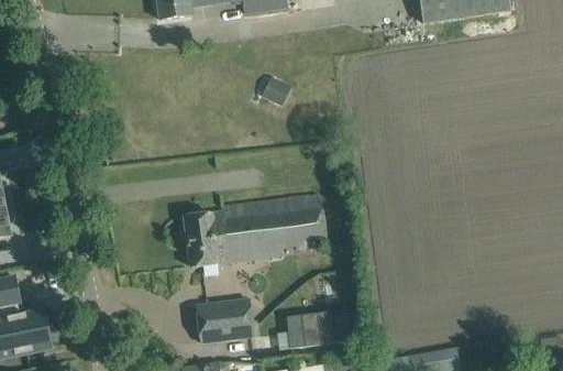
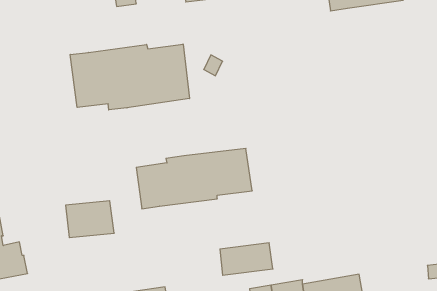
building: none -> [70,44,189,110]
building: [195,296,254,341] -> [66,201,114,238]

